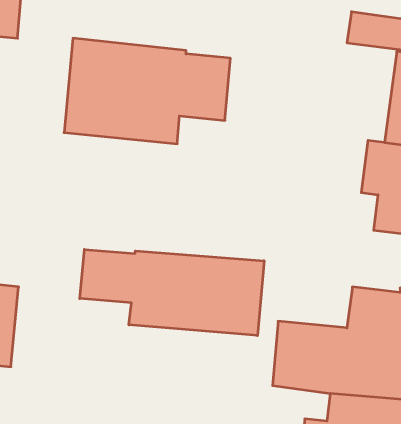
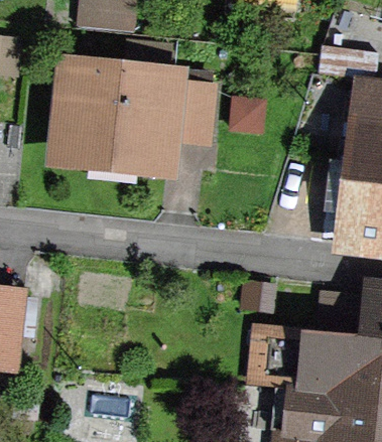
building: [80,249,264,336] -> none

